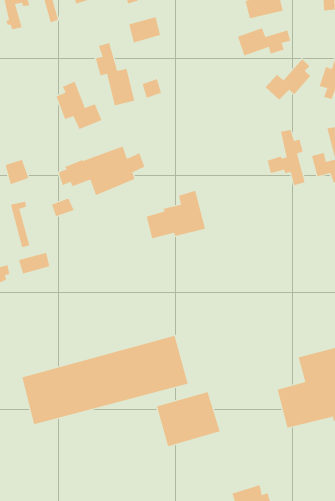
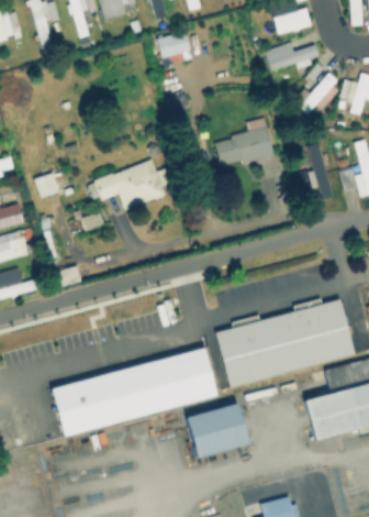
building: [95,42,135,106] -> none
building: [56,81,102,130] -> none
building: [146,190,206,239] -> [214,117,273,165]
building: none -> [215,298,355,387]

